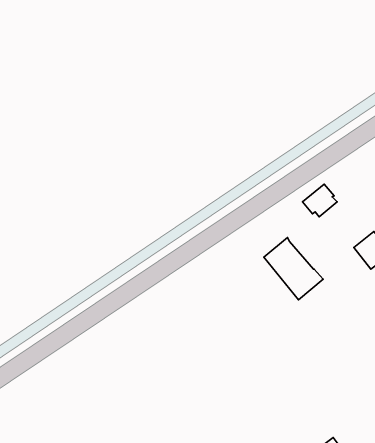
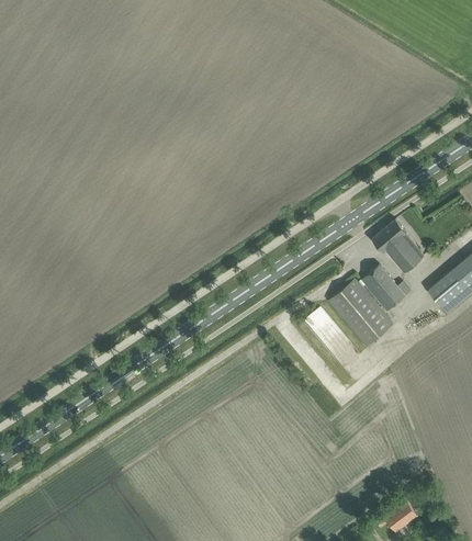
building: none -> [390,239,423,272]
building: none -> [357,264,411,314]

